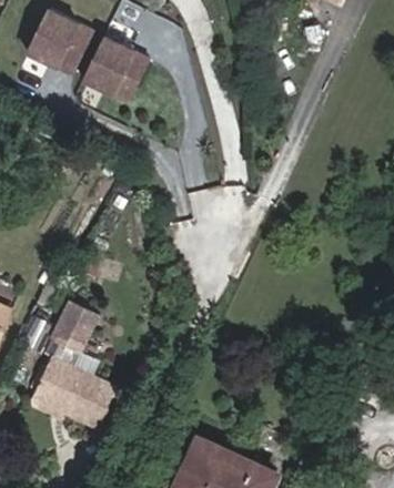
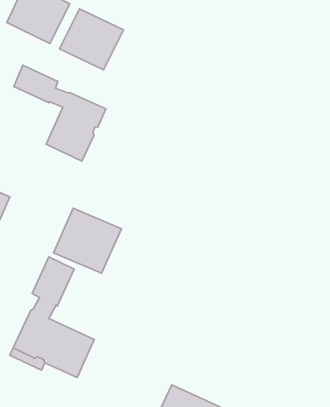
building: none -> [14,65,106,161]
building: none -> [53,208,121,273]

